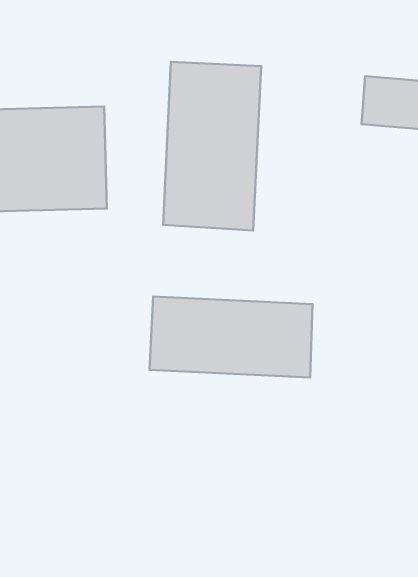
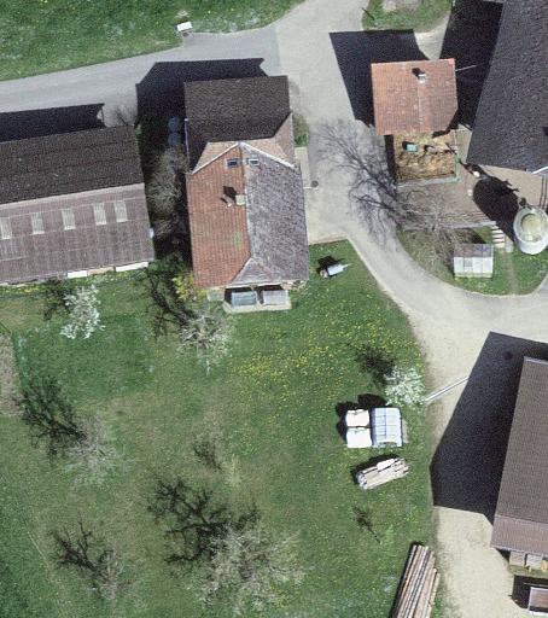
building: [150,296,312,378] -> none

